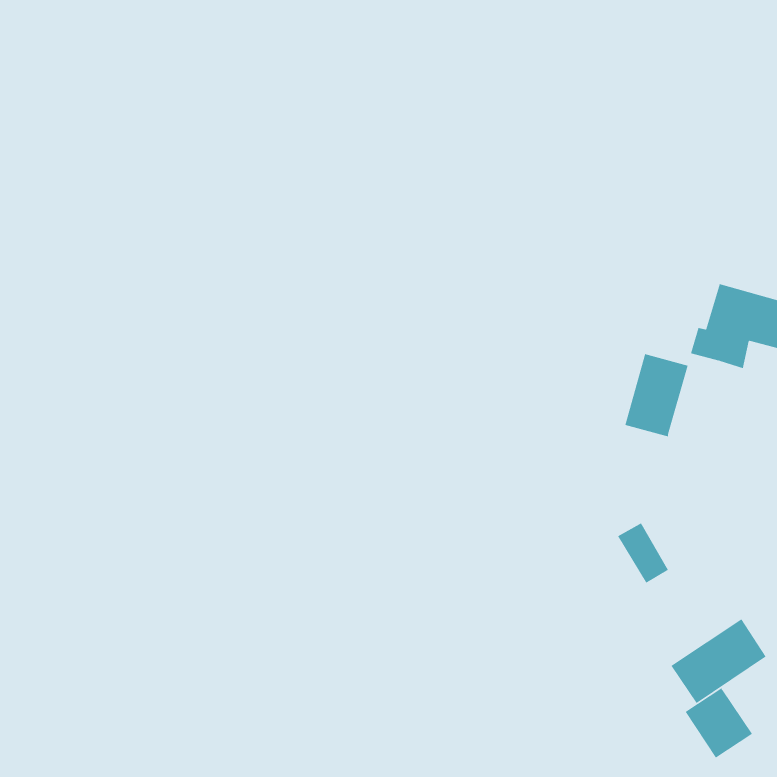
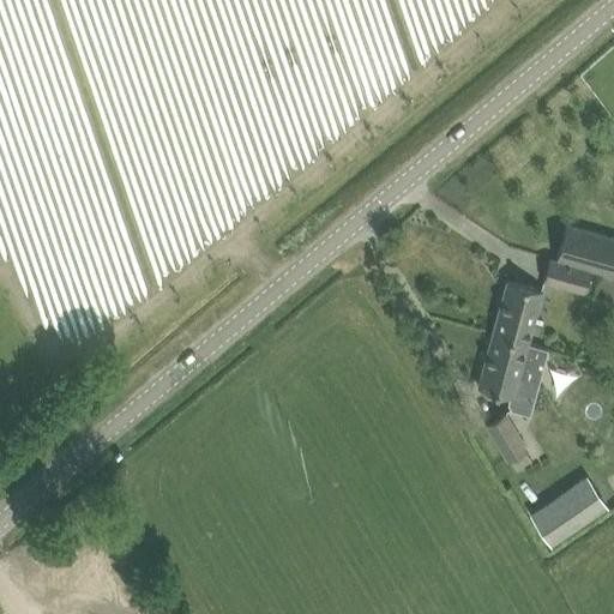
building: none -> [478,336,540,415]
building: [685,687,753,758] -> none

